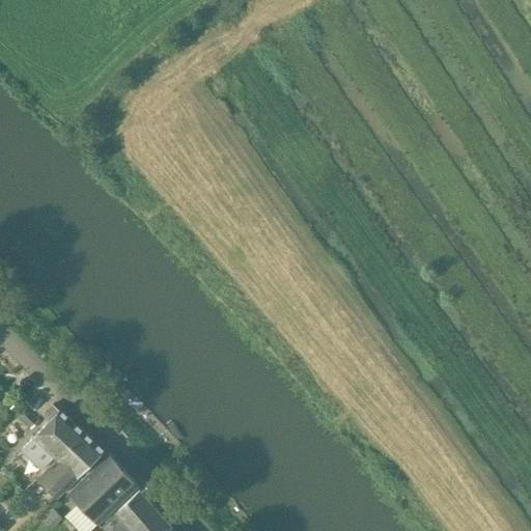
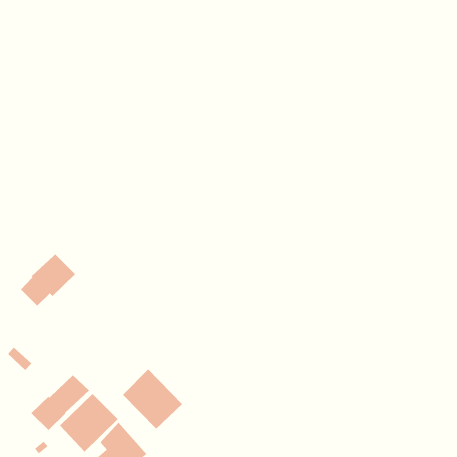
building: [20,411,84,472] -> [20,254,76,307]
building: none -> [122,368,183,429]

